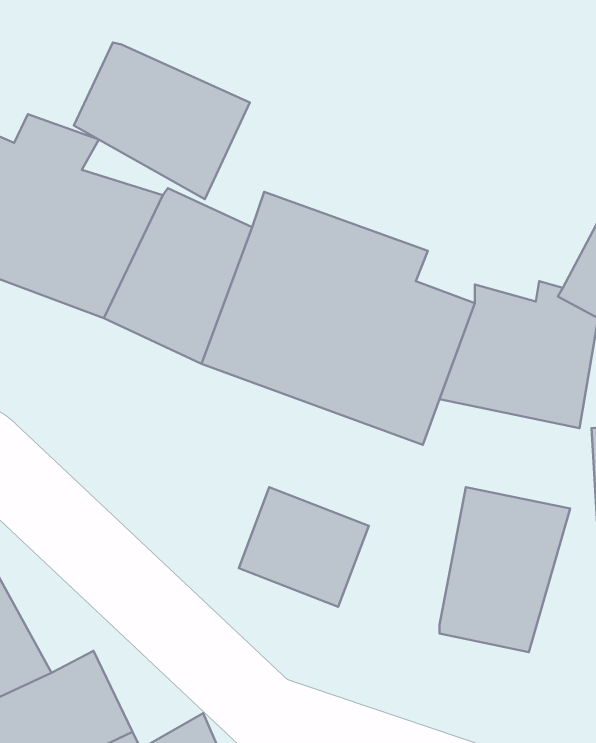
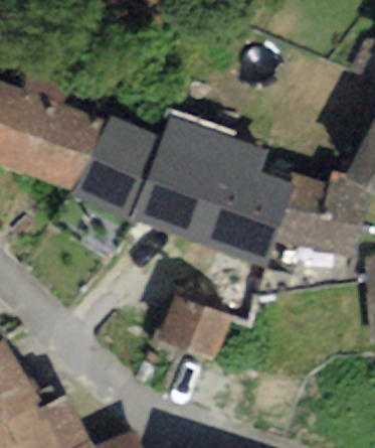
building: [74,42,250,199] -> none
building: [439,487,570,652] -> none

